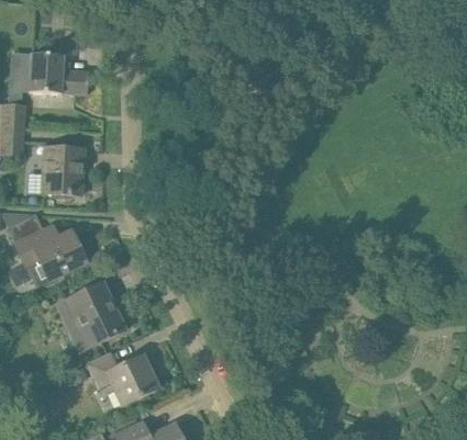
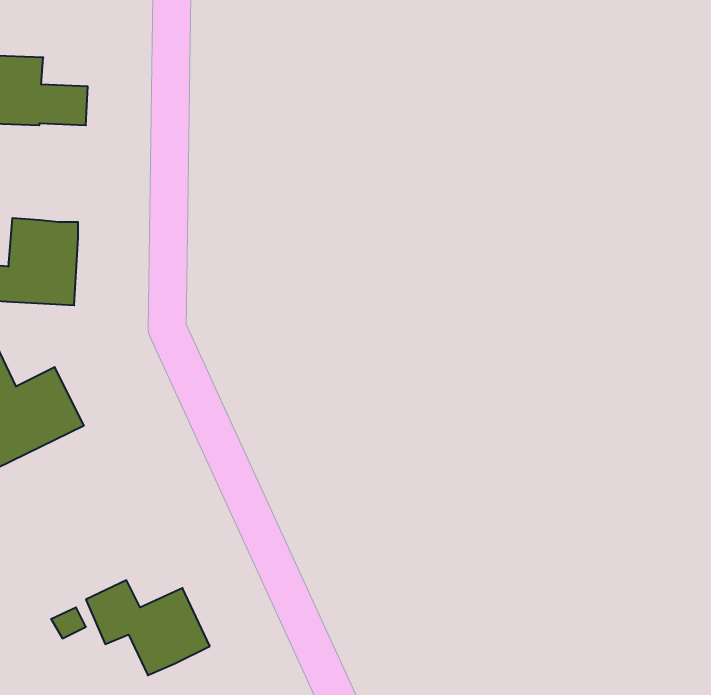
building: [55,280,123,345] -> none

